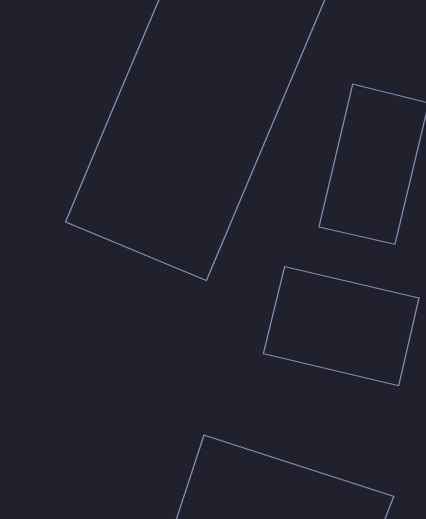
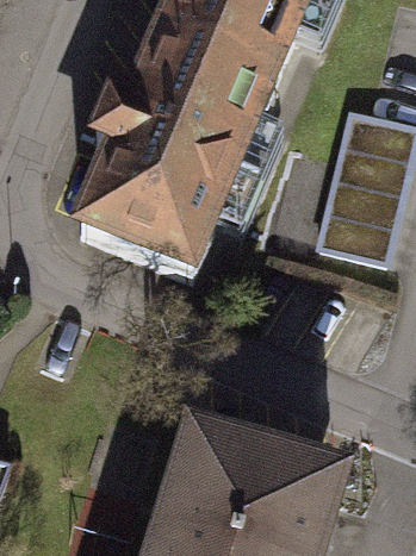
building: [264,266,419,386] -> none

